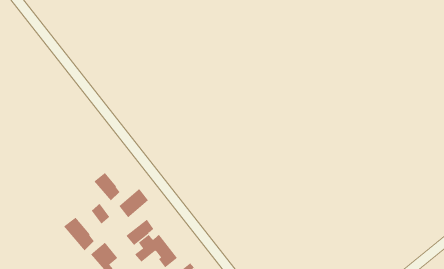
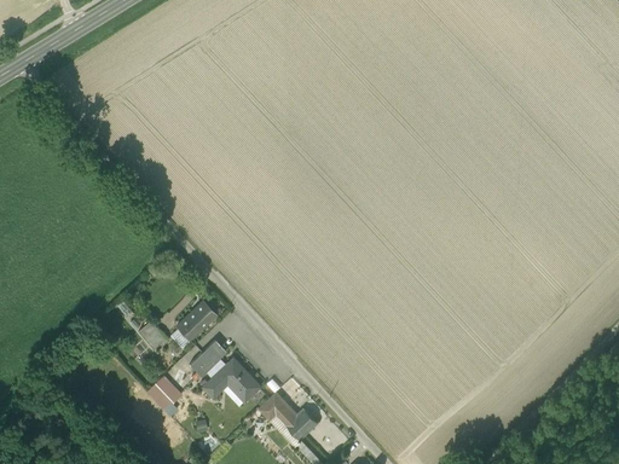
building: [93,172,120,201] -> none
building: [63,217,95,251] -> none

